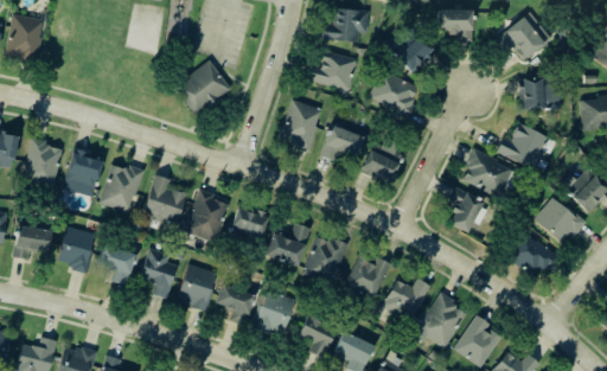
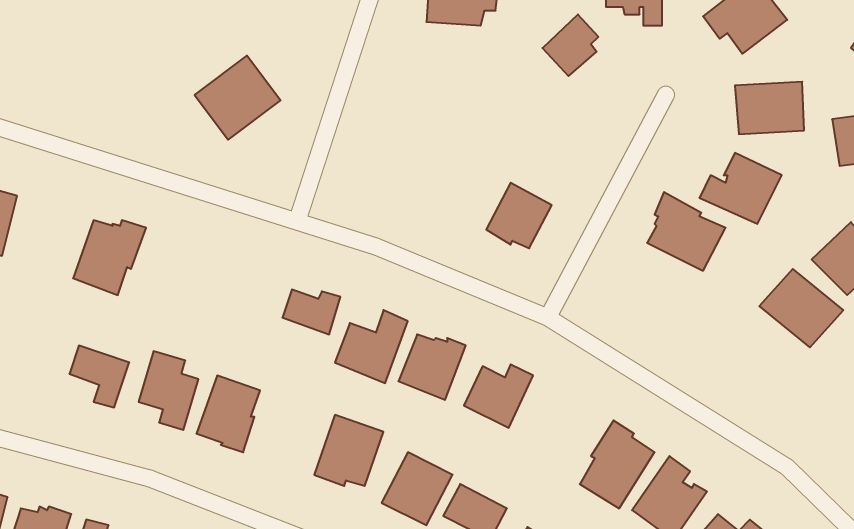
building: [308,50,356,90] -> none
building: [369,69,418,116] -> none
building: [277,100,320,152] -> none
building: [320,126,363,162] -> none
building: [64,148,103,190] -> none
building: [142,174,187,226] -> none
building: [448,186,484,231] -> none
building: [189,188,229,241] -> none
building: [58,226,98,274] -> none
building: [504,229,558,275] -> none
building: [377,279,430,321] -> none
building: [213,284,254,324] -> none

